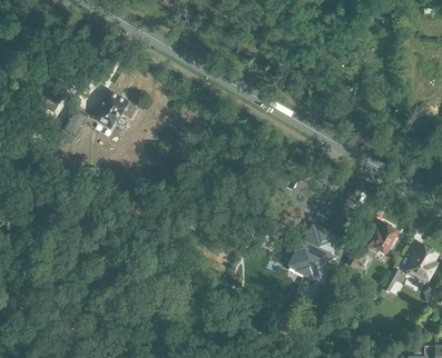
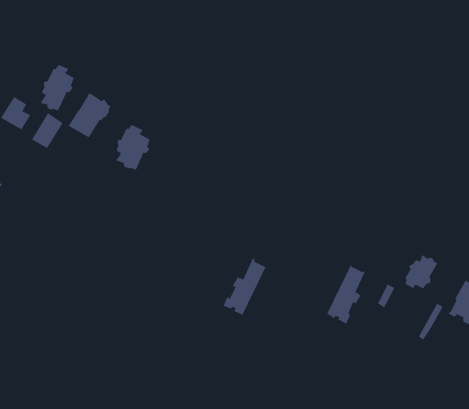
building: none -> [40,64,75,111]
building: none -> [115,124,150,171]
building: [289,226,326,274] -> [223,257,267,315]

